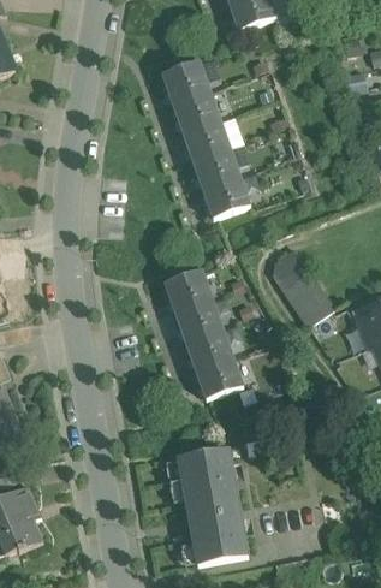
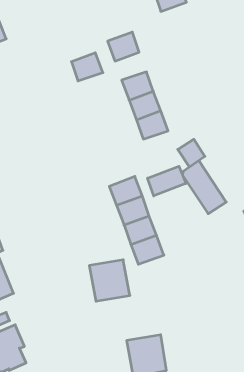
building: [172,89,218,130] -> [71,53,103,81]
building: none -> [178,139,205,167]
building: none -> [148,166,186,196]
building: [179,447,238,507] -> [89,260,130,301]

